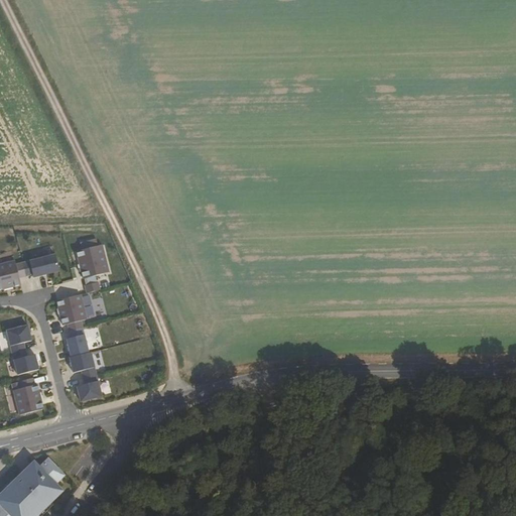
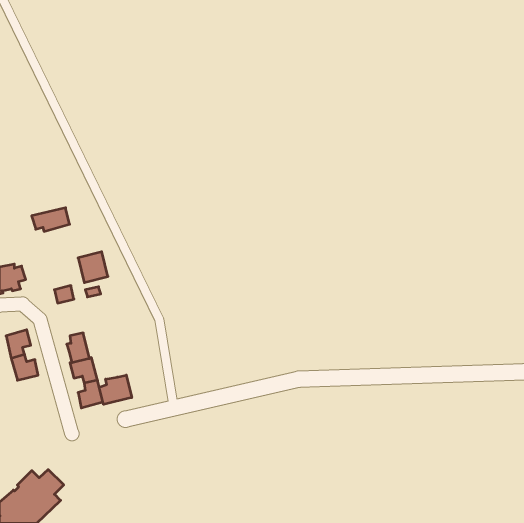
building: [21,253,58,276] -> [32,208,70,231]
building: [56,293,87,330] -> none
building: none -> [99,375,132,404]
building: [13,377,43,413] -> none

